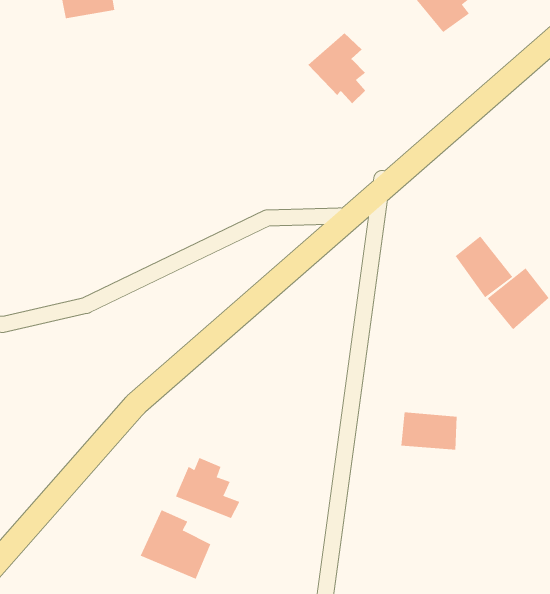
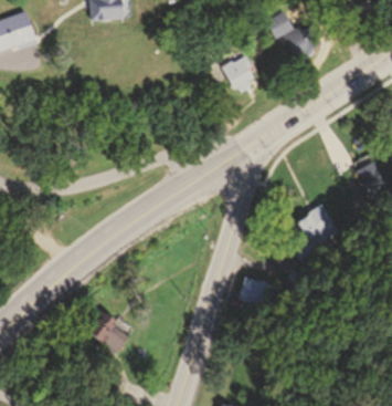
building: [455,236,513,298] -> none
building: [175,457,240,519] -> none

